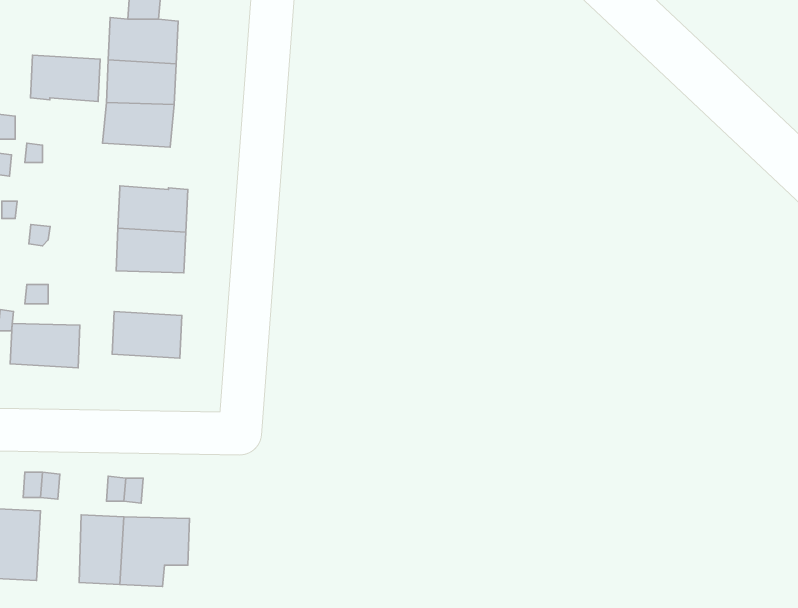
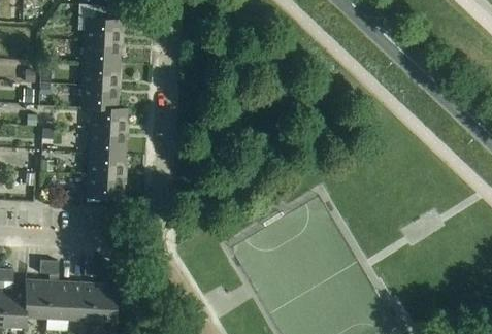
building: [30,55,100,102] -> [79,85,117,109]
building: [10,323,80,368] -> [87,153,124,176]
building: none -> [45,280,69,319]

